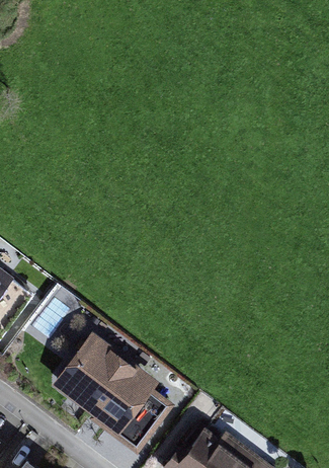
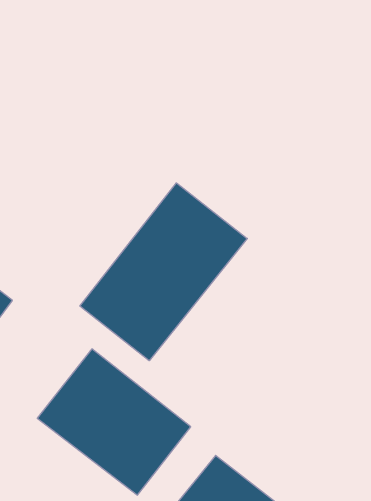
building: none -> [80,183,247,361]

